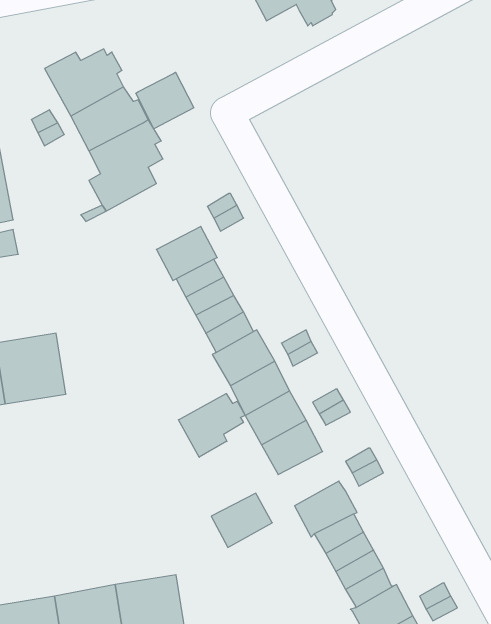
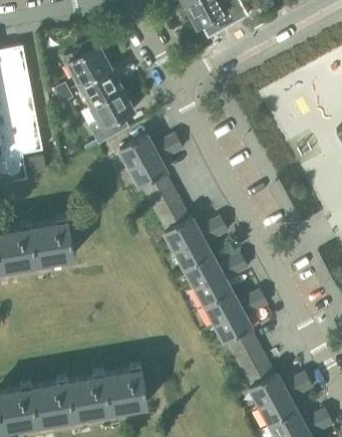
building: [136,72,194,129] -> none
building: none -> [119,136,157,169]
building: [178,394,245,457] -> none
building: [211,493,272,547] -> [205,292,242,325]

